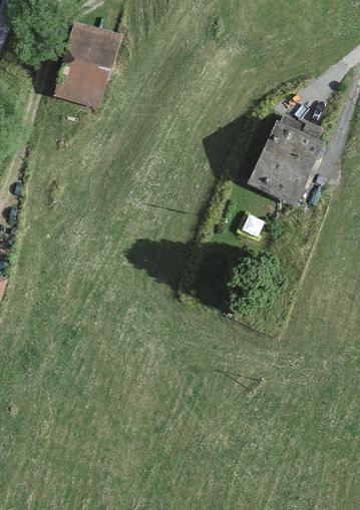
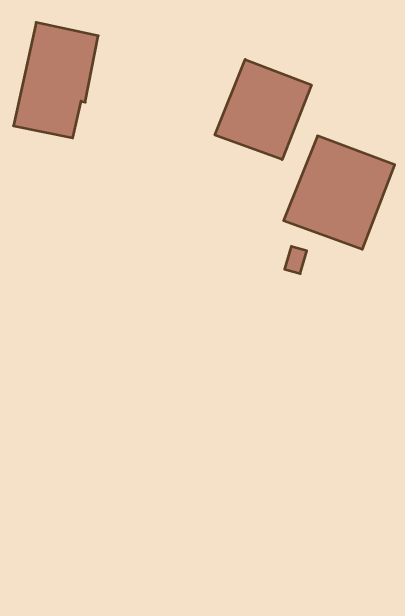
building: none -> [215,59,311,160]

